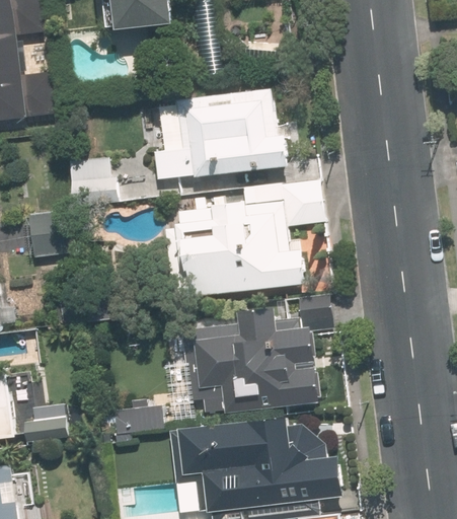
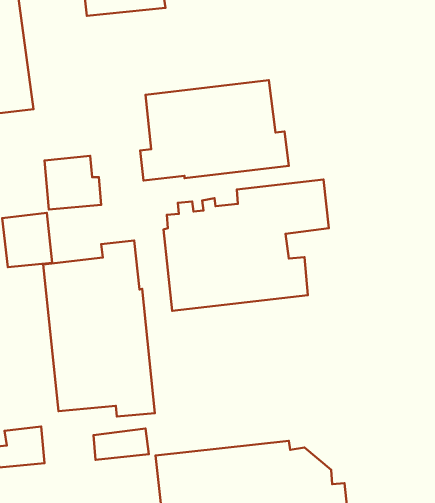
building: none -> [43,241,155,417]
building: [186,294,332,414] -> none

